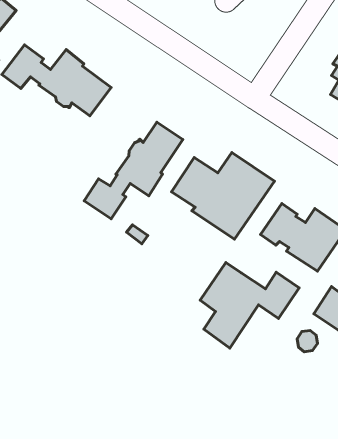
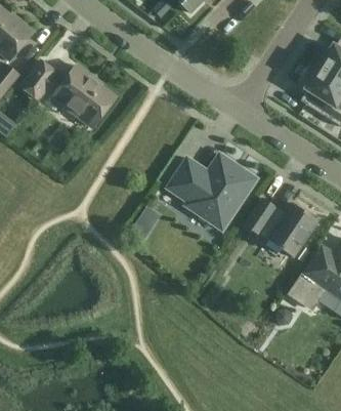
building: [84,122,183,219] -> none
building: [200,263,299,348] -> none

